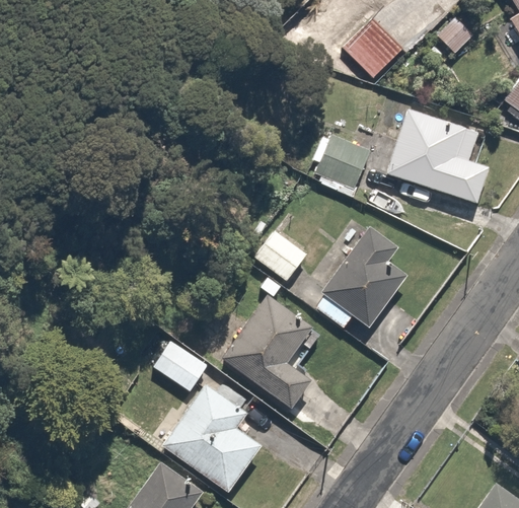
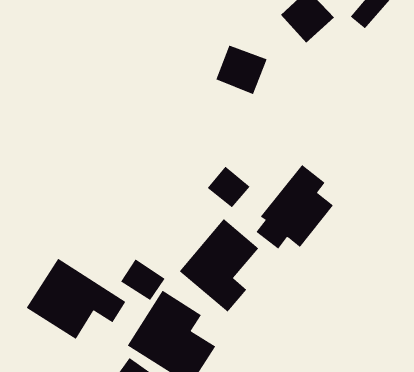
building: [386,106,487,205] -> none
building: [316,131,379,191] -> [215,45,268,95]
building: none -> [26,258,126,340]

